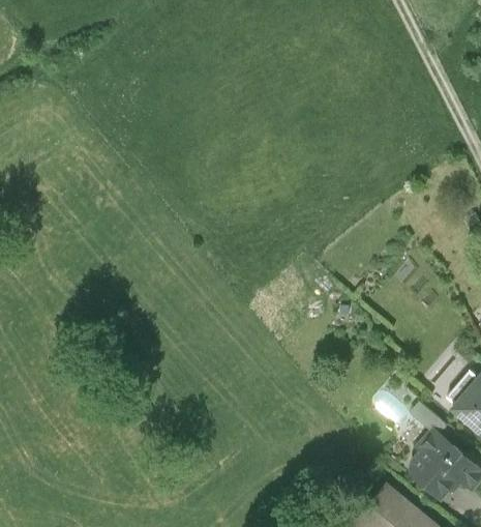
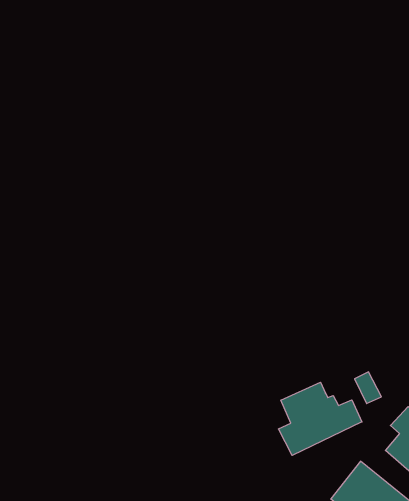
building: none -> [278,382,362,455]

